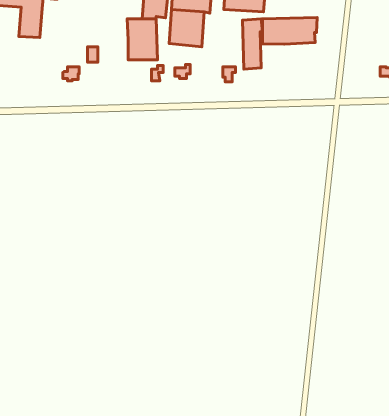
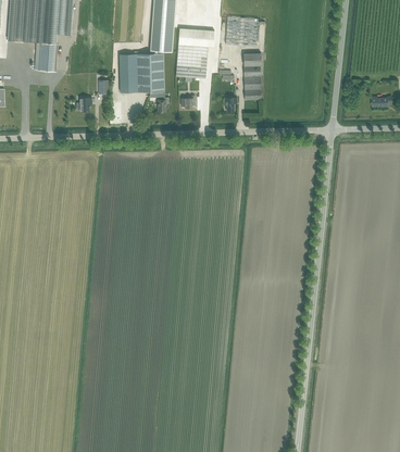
building: [262,17,317,44] -> none
building: none -> [120,53,137,92]

